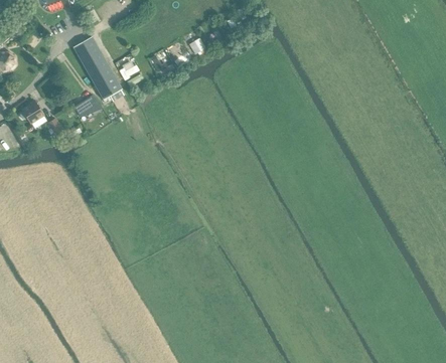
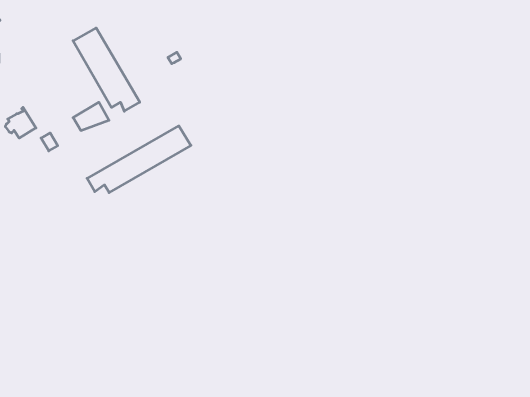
building: none -> [87,126,191,193]

